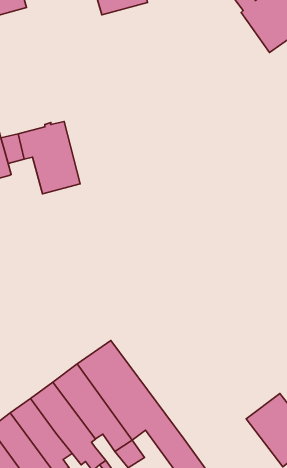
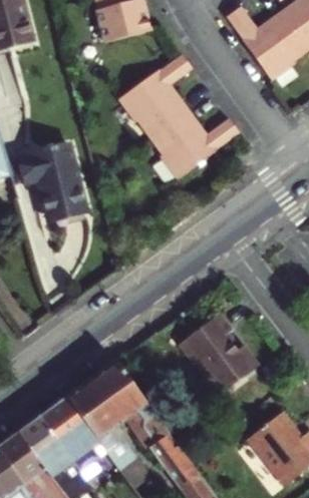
building: none -> [118,54,240,179]
building: none -> [181,313,259,395]

